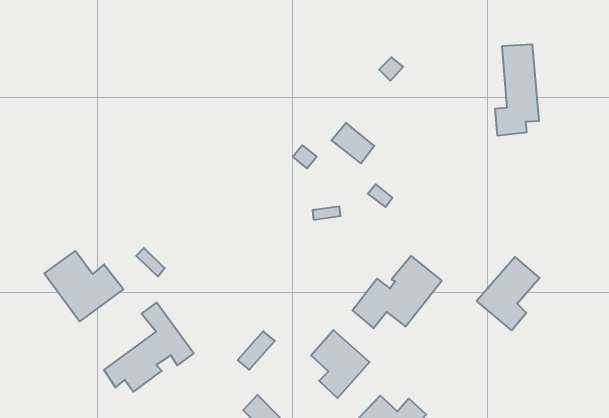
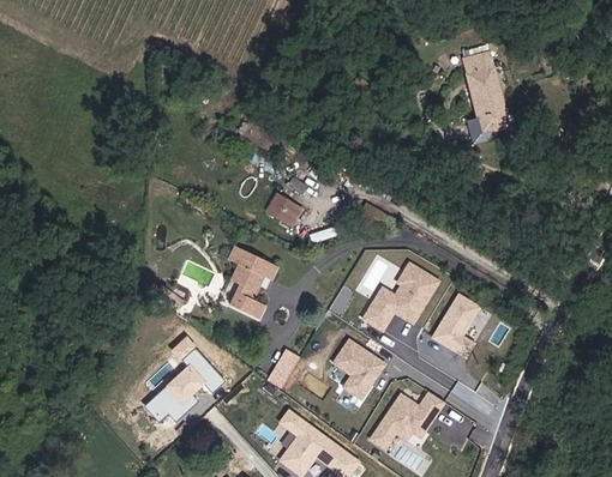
building: [331,123,374,163] -> [263,192,302,227]
building: none -> [226,246,276,318]
building: [44,251,123,321] -> none
building: [477,257,540,330] -> [430,292,484,360]

